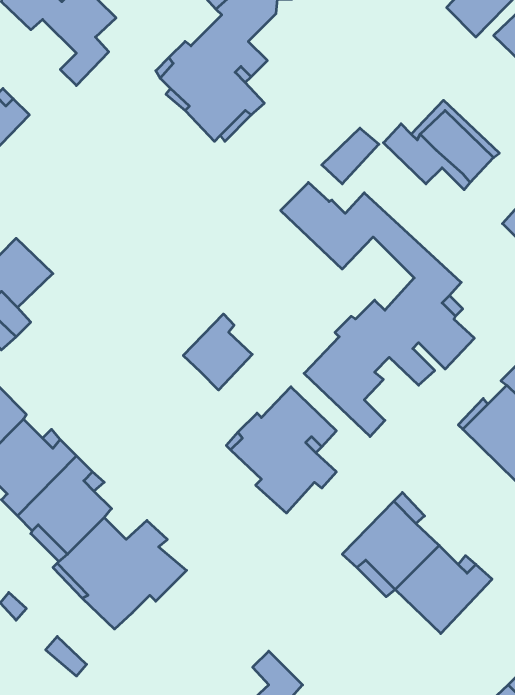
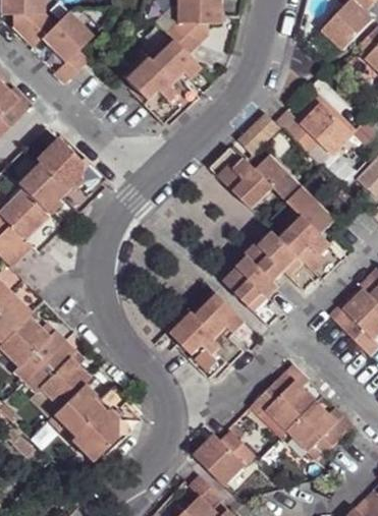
building: none -> [18,136,104,213]
building: [183,314,252,390] -> none
building: none -> [191,432,254,486]

